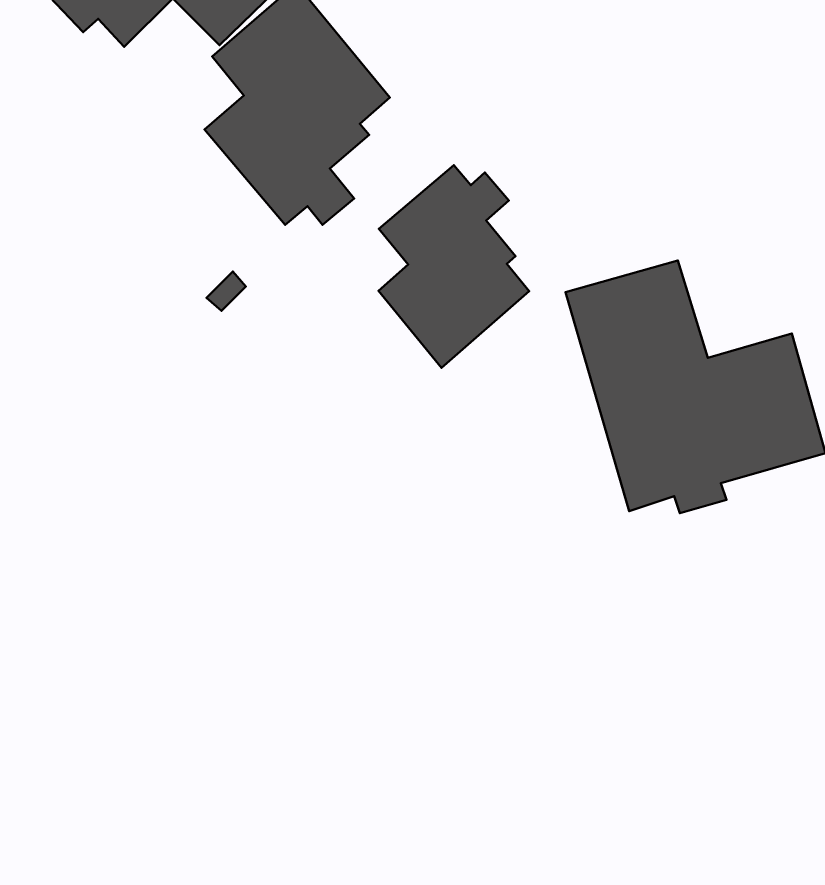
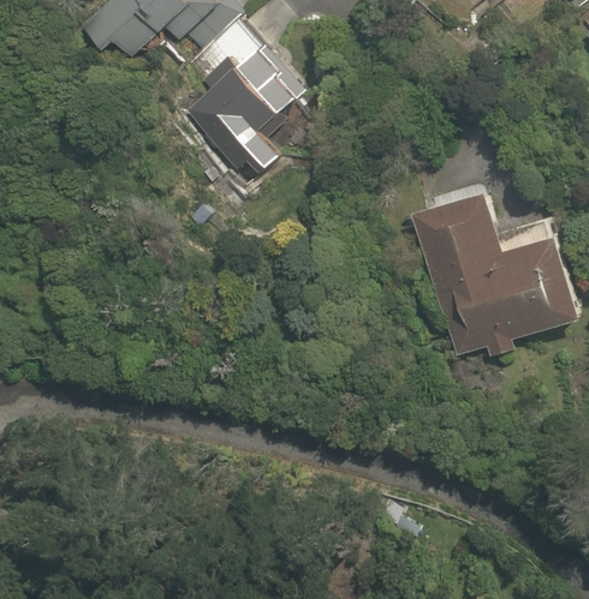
building: [378,165,529,368] -> none

